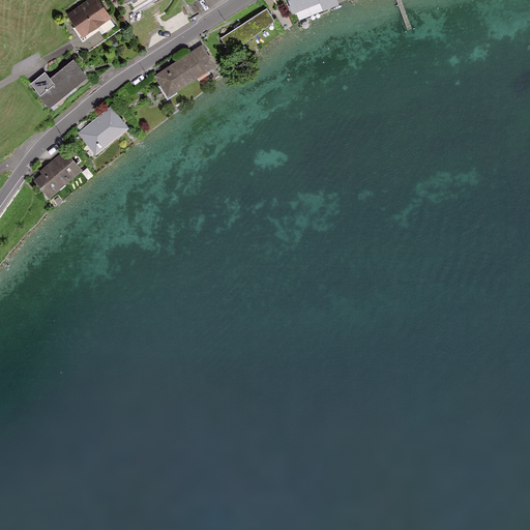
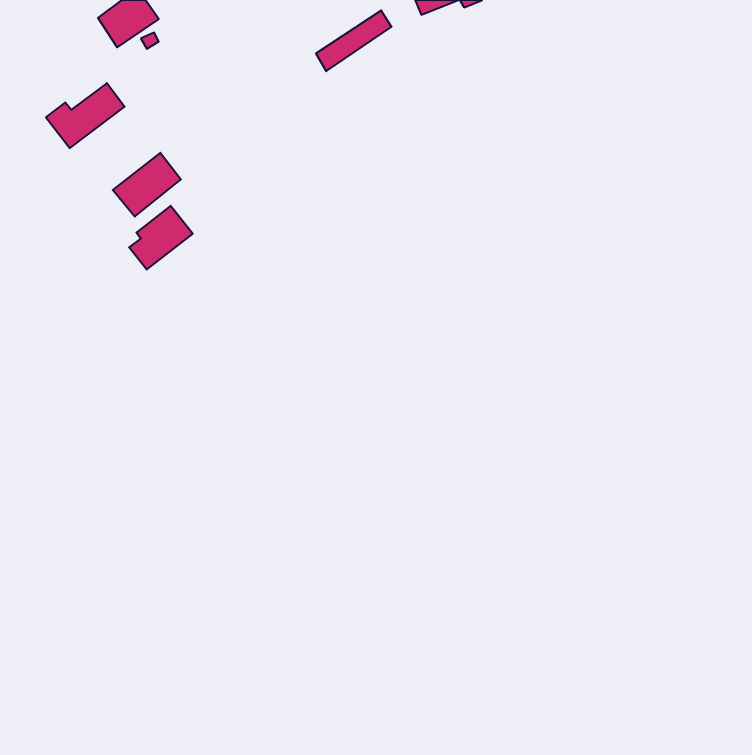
building: [155,47,214,95] -> none
building: [36,150,81,195] -> [129,206,193,270]

